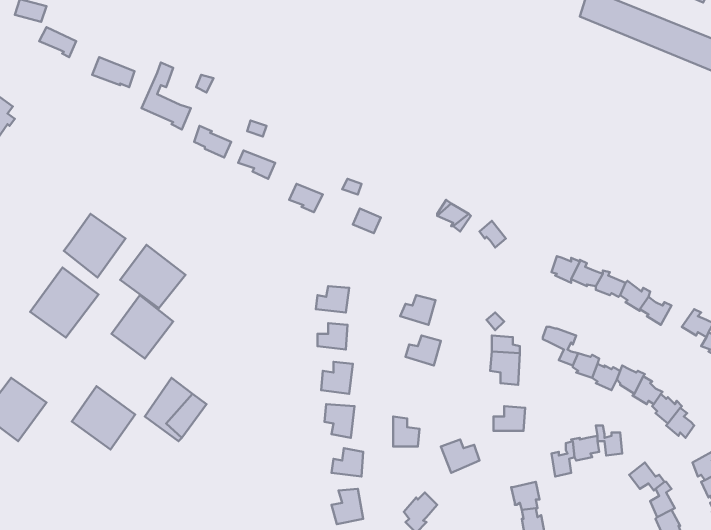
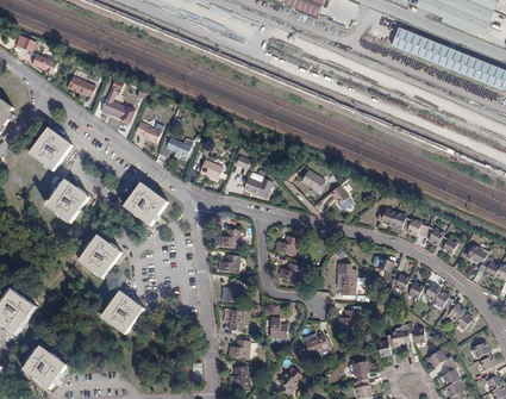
building: none -> [30,127,73,170]
building: [120,245,185,308] -> [124,182,168,225]
building: [30,267,98,337] -> none
building: [72,386,135,450] -> [24,345,67,388]

